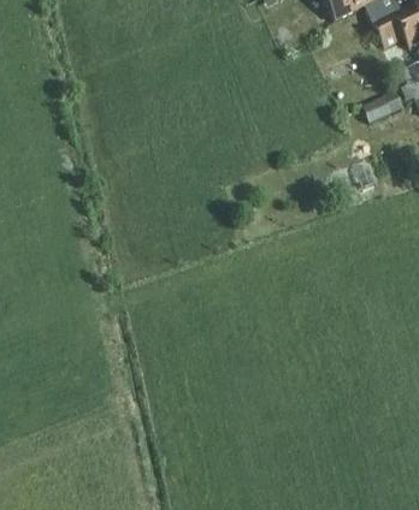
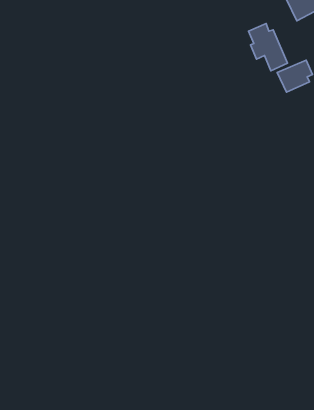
building: none -> [248,24,287,71]

